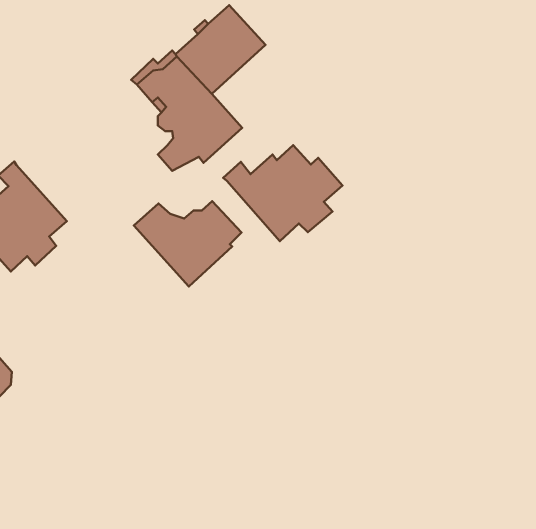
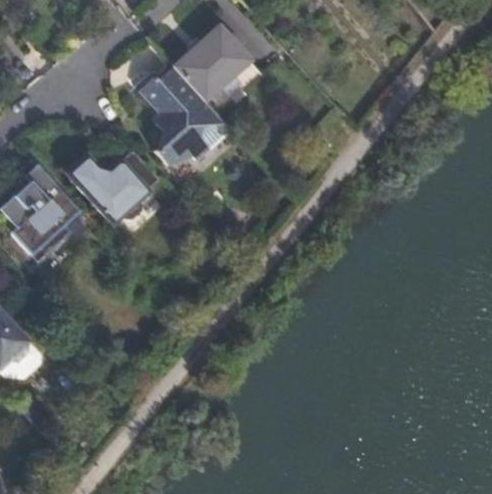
building: [223,145,343,241] -> none
building: [134,201,241,286] -> [65,151,158,224]

